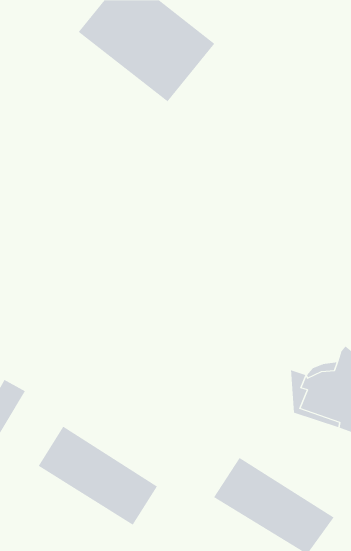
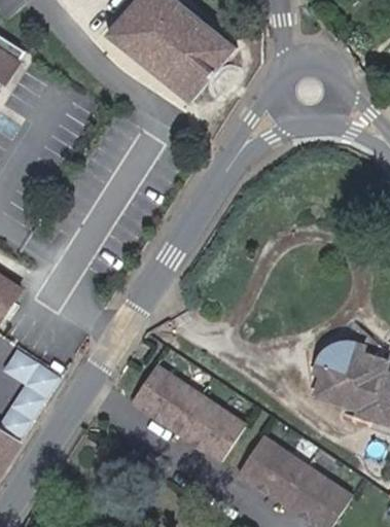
building: [38,426,158,525] -> [130,368,244,463]

